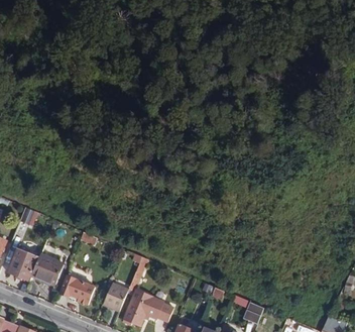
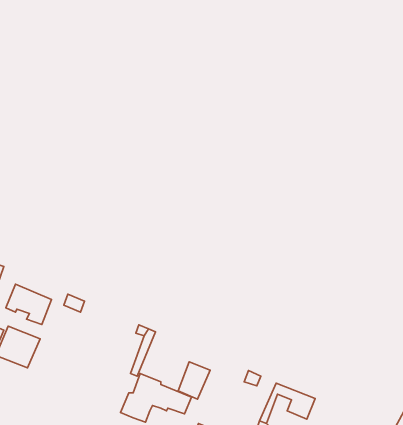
building: [61,275,94,305] -> [6,284,52,325]
building: [105,284,128,311] -> [178,362,210,399]

